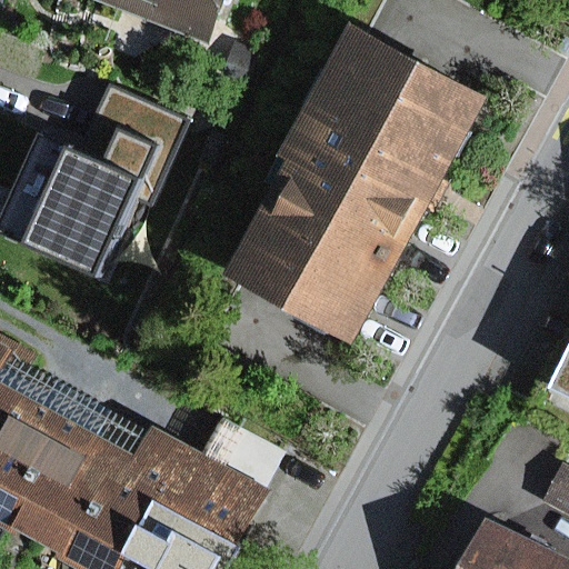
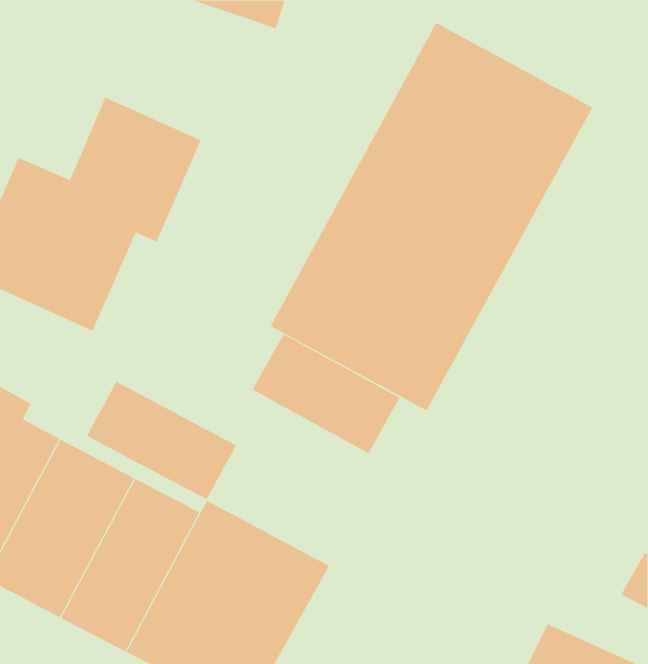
building: none -> [252,334,400,454]
building: none -> [86,381,237,500]

